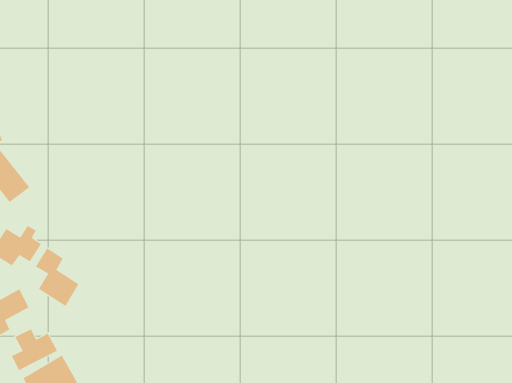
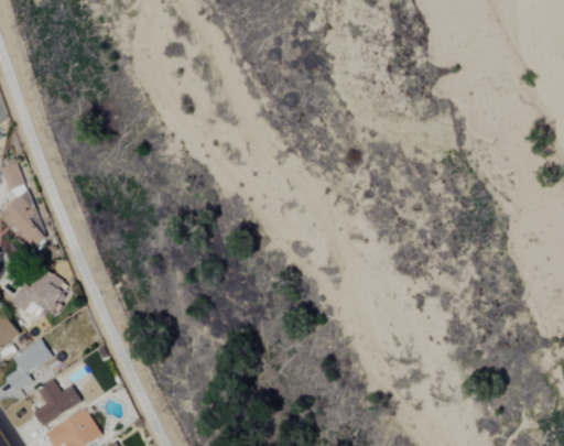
building: [35,248,79,307] -> none

